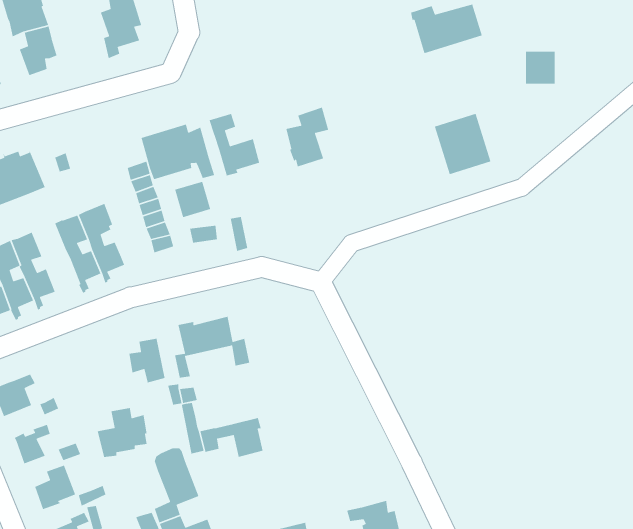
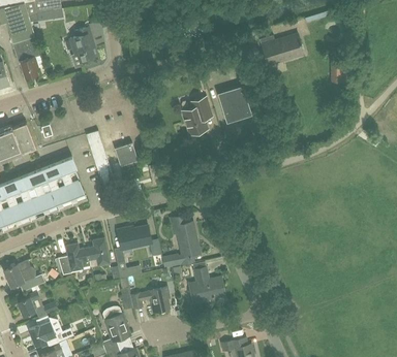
building: [208,113,260,176] -> none
building: [434,113,491,175] -> [217,85,252,123]
building: [141,124,215,180] -> none
building: none -> [28,168,57,217]
building: none -> [163,215,201,269]
building: none -> [189,267,225,299]
building: [97,407,147,458] -> [58,244,89,274]

